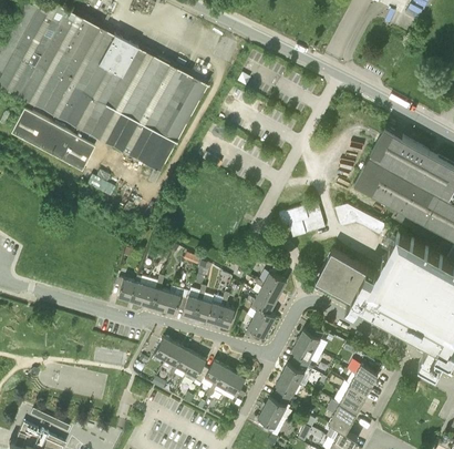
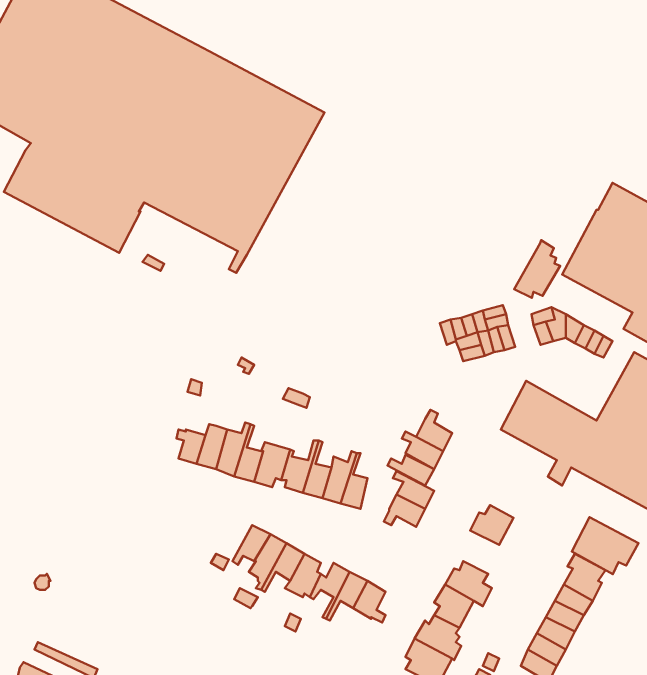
building: none -> [514,240,560,298]
building: none -> [572,517,639,574]
building: [292,341,322,368] -> none

